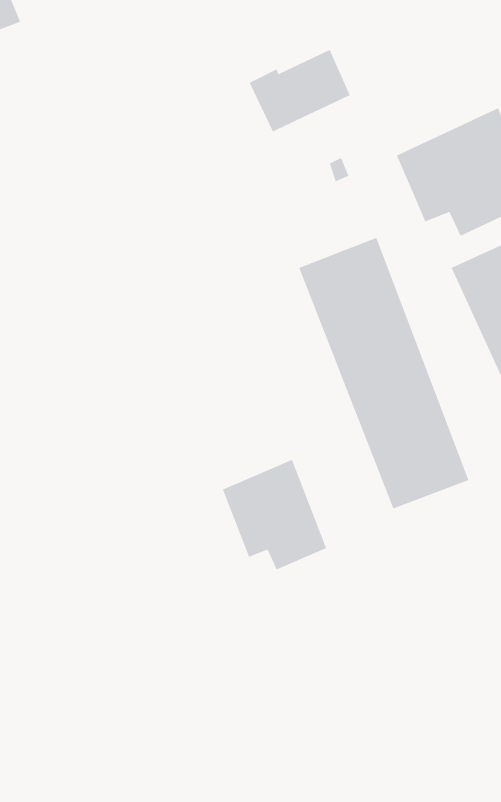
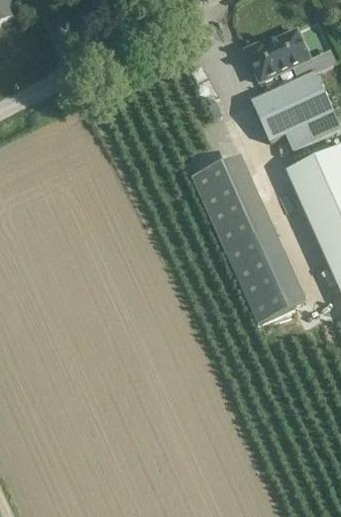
building: [248,49,351,132] -> [248,27,313,80]
building: [222,459,327,570] -> none

